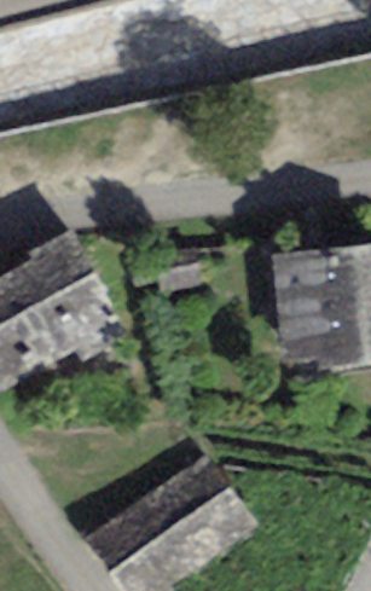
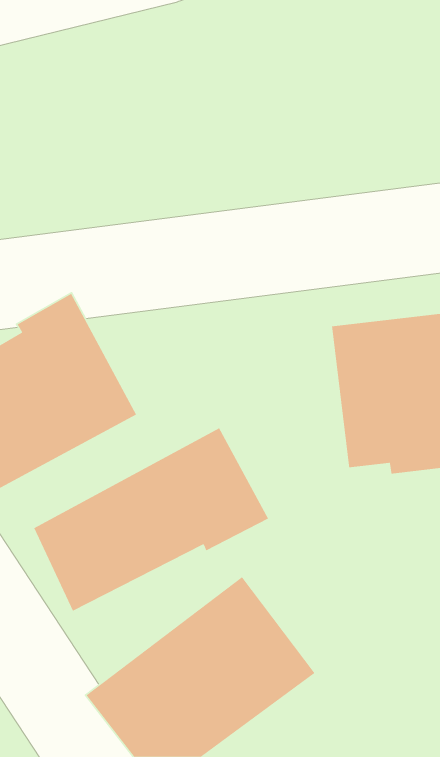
building: none -> [33,427,269,612]

